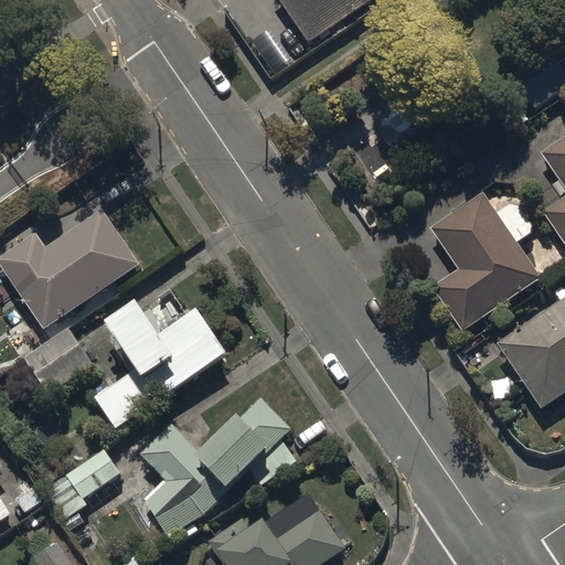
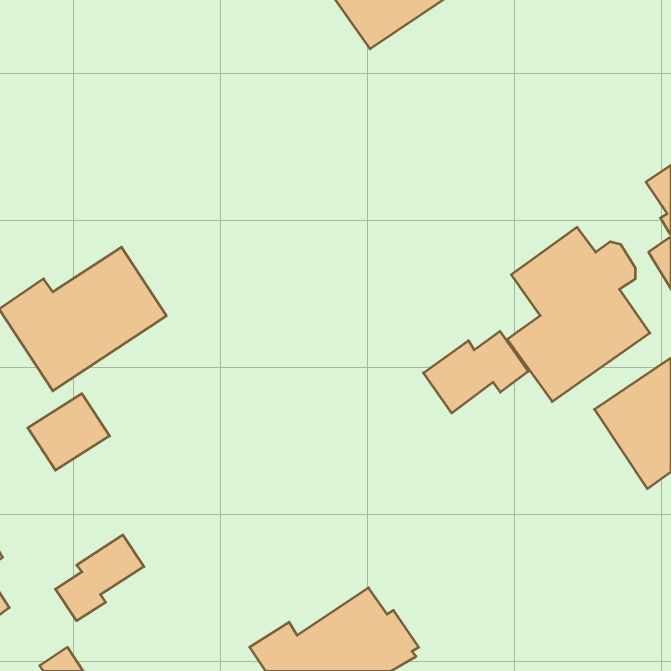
building: none -> [423,331,528,413]
building: [94,302,227,429] -> none
building: [141,397,292,534] -> none

